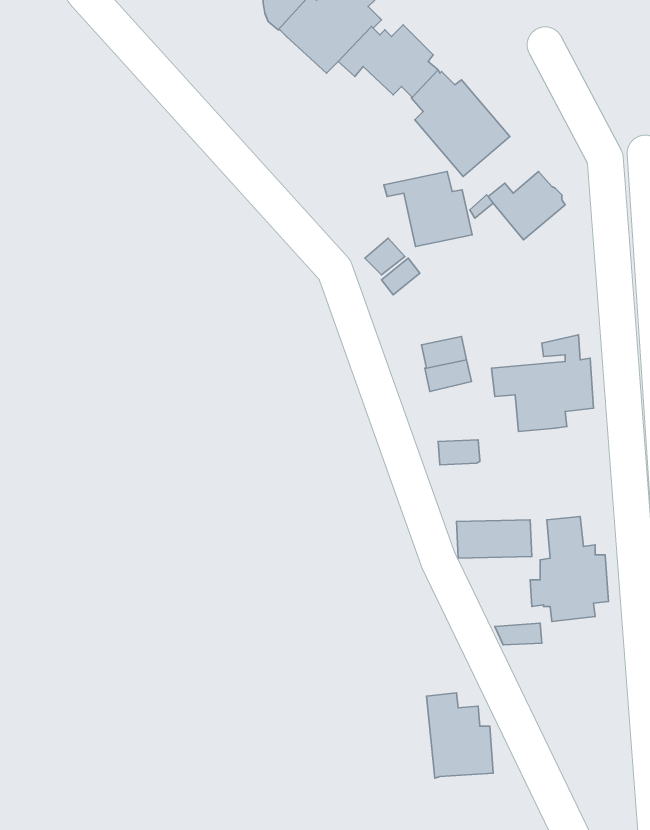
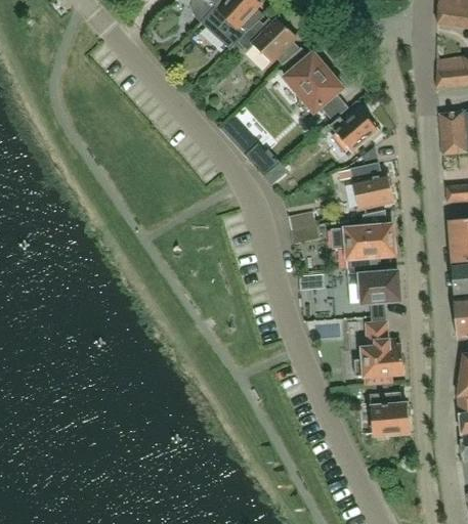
building: [384,172,472,247] -> [339,164,393,210]
building: none -> [348,267,400,304]
building: [426,693,493,778] -> [369,384,410,436]

